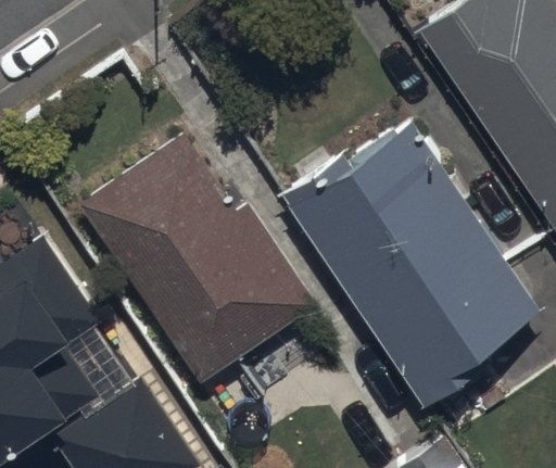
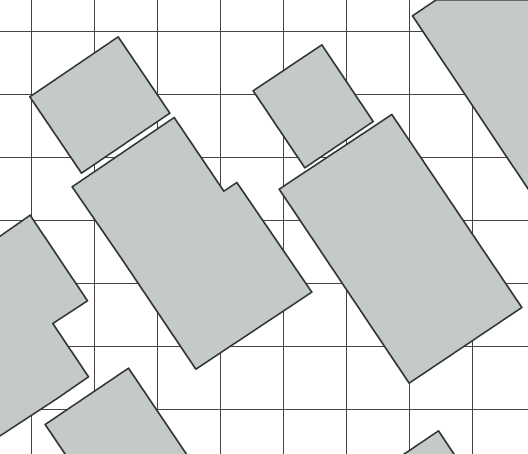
building: none -> [30,37,170,173]
building: none -> [253,45,373,168]

